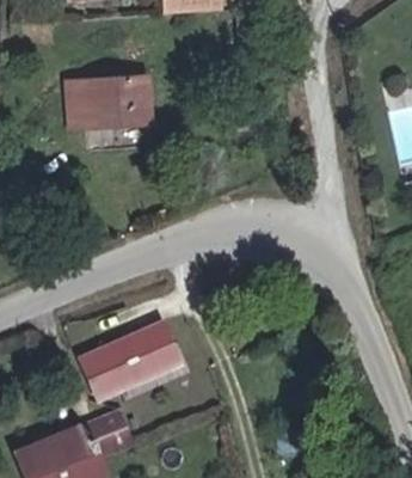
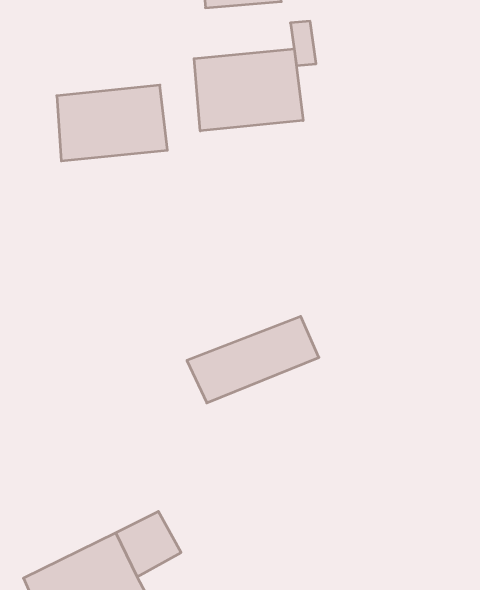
building: none -> [194,49,303,131]
building: [75,320,179,388] -> [187,316,319,403]

